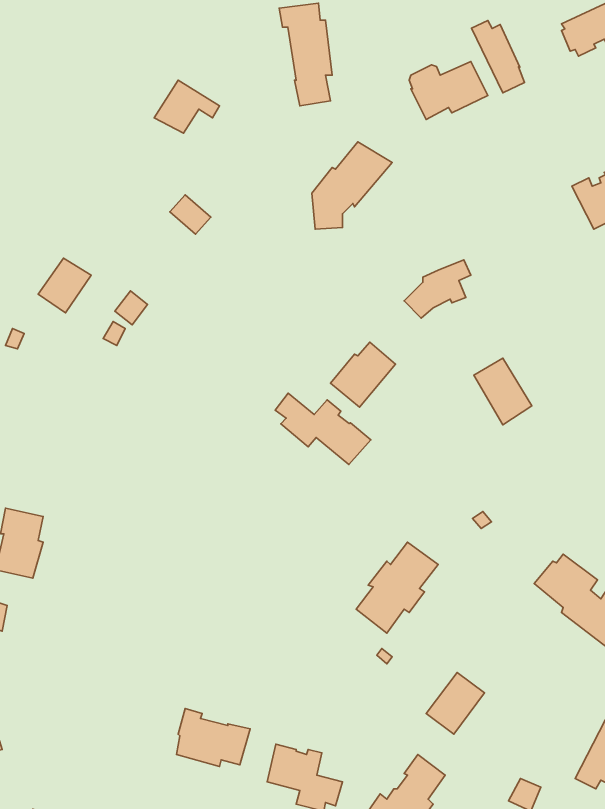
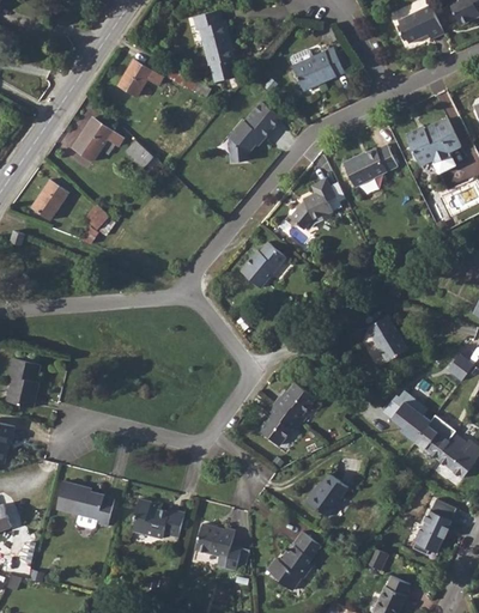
building: [472,21,525,93] -> none
building: none -> [74,122,127,165]
building: none -> [347,141,400,181]
building: [474,358,532,425] -> [365,315,406,362]
building: [275,393,371,465] -> none
building: none -> [55,480,114,528]

